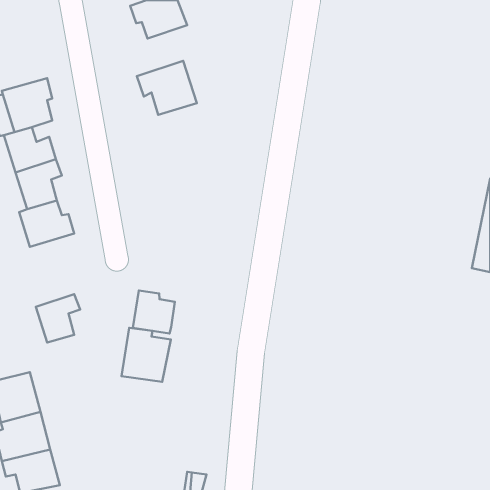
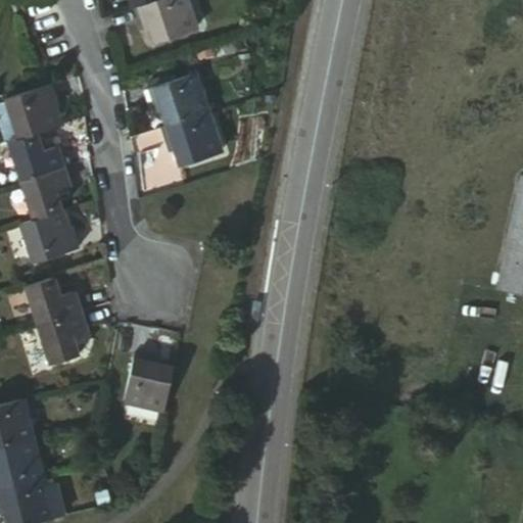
building: none -> [159,112,222,164]
building: none -> [25,282,79,328]
building: [133,290,175,334] -> none

